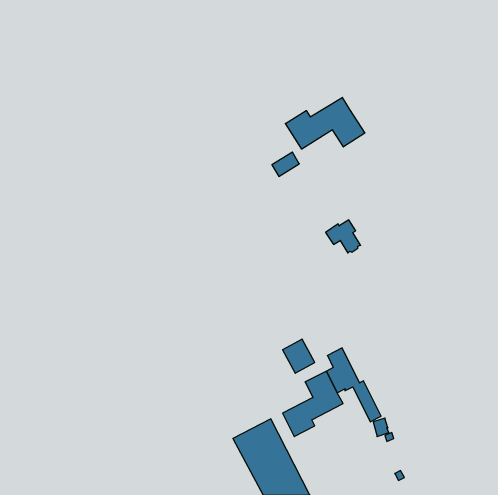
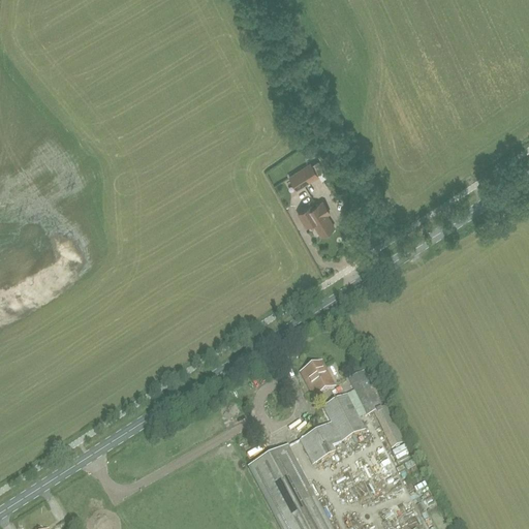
building: [285,97,365,149] -> none
building: [326,220,361,253] -> [297,198,334,234]

